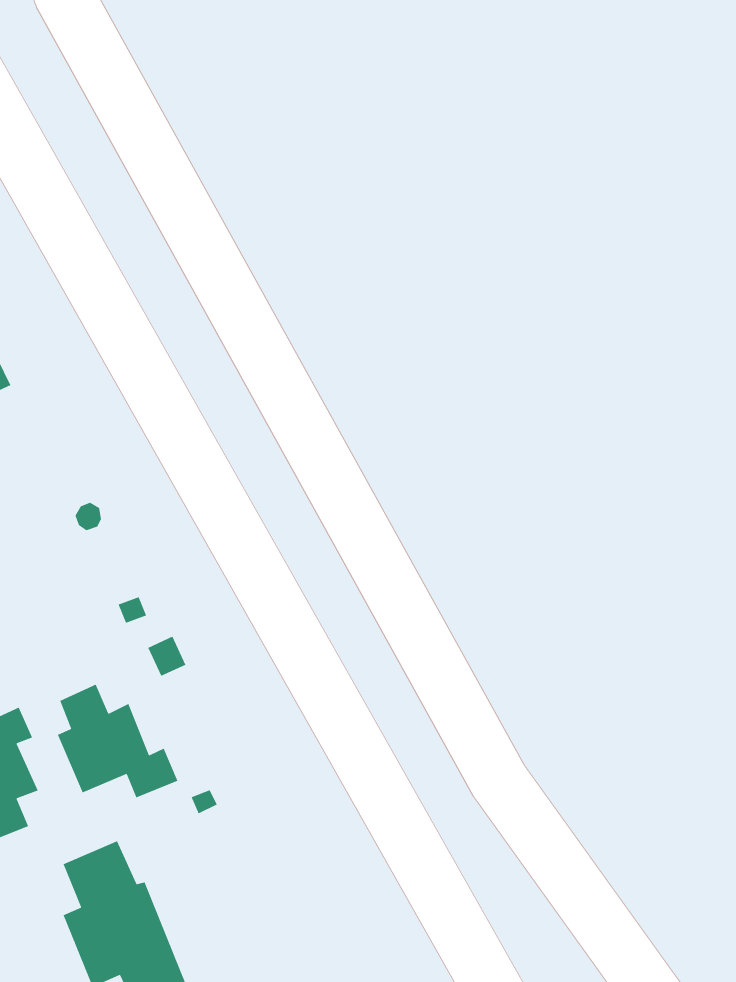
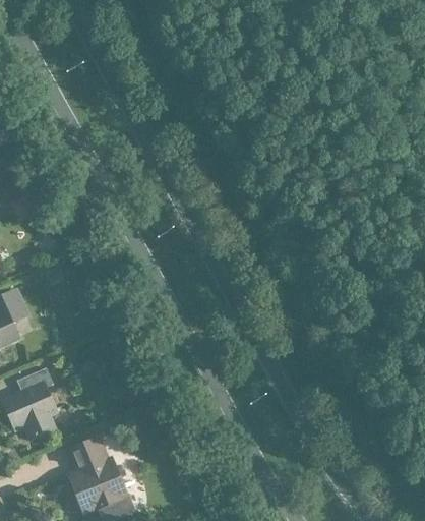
building: [57,683,179,798] -> none

